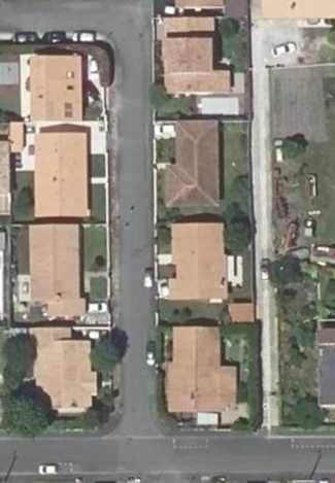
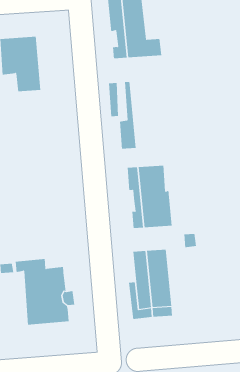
building: [187,118,216,201] -> none
building: [38,134,85,212] -> none
building: [33,225,85,313] -> none

